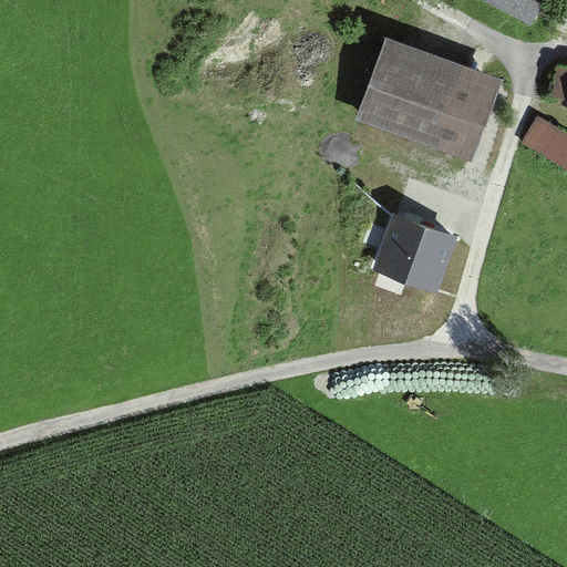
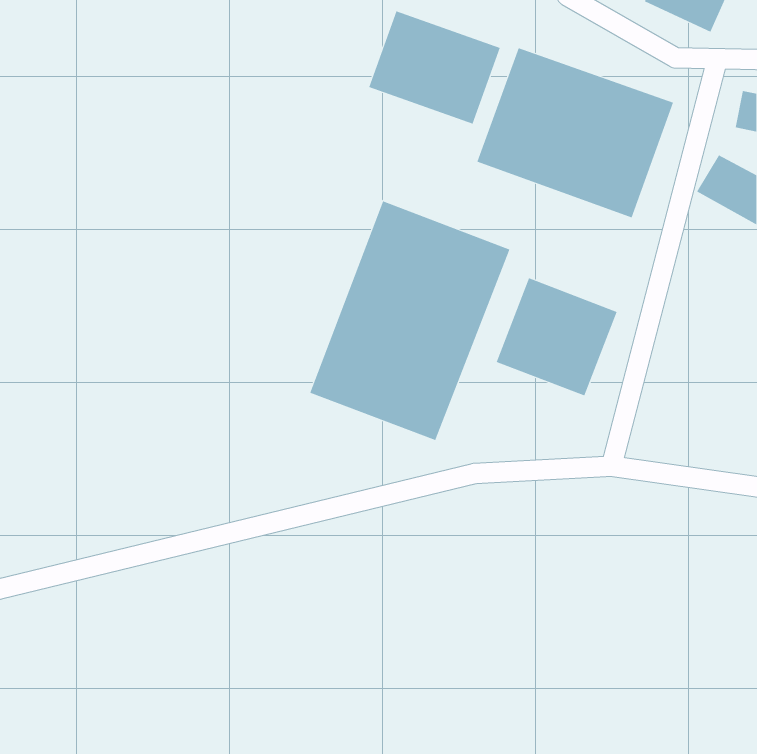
building: none -> [369,10,500,125]
building: none -> [310,200,510,441]

